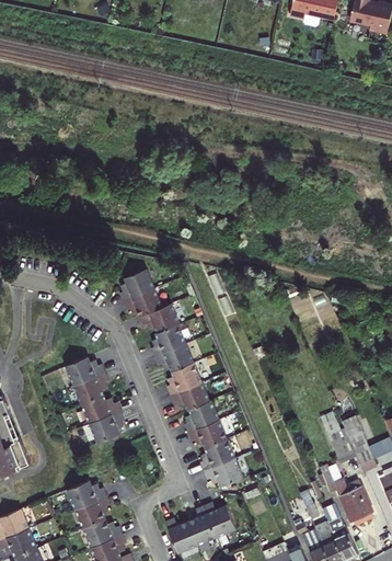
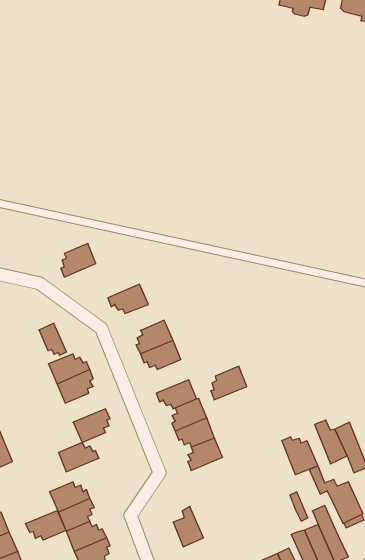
building: [119,268,153,301] -> [61,243,96,277]
building: [139,304,178,333] -> none
building: none -> [39,323,66,355]
building: [166,362,201,394] -> [211,366,247,400]
building: [81,394,120,423] -> [58,443,99,472]
building: none -> [282,437,318,475]
building: [204,457,243,485] -> none
building: [203,502,235,536] -> none
building: none -> [25,511,66,540]
building: [164,518,196,552] -> none

